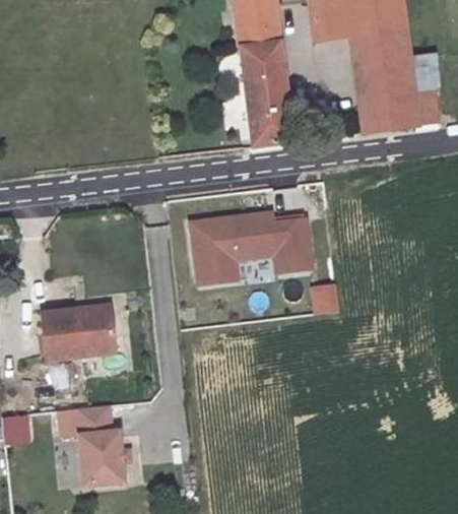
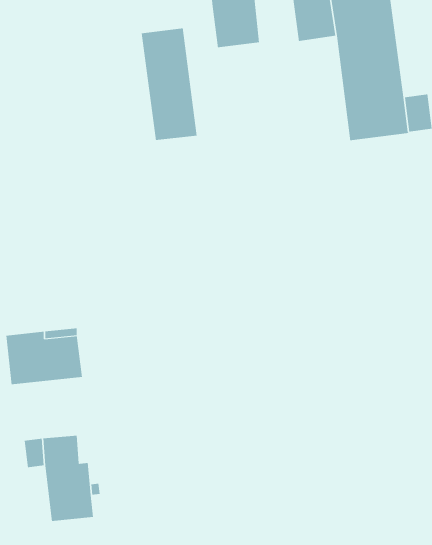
building: [239,41,291,145] -> [141,28,198,140]
building: [191,215,311,284] -> none

